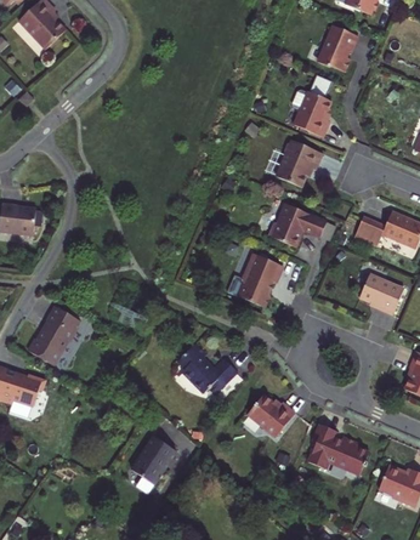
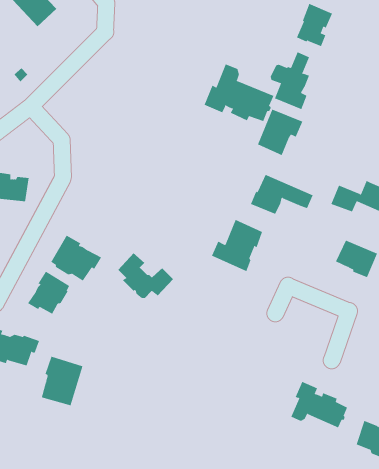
building: none -> [204,64,274,122]
building: none -> [51,235,102,282]
building: [182,341,242,390] -> [117,253,174,299]
building: [242,391,289,434] -> none
building: none -> [41,356,83,406]
building: [137,436,182,484] -> none

